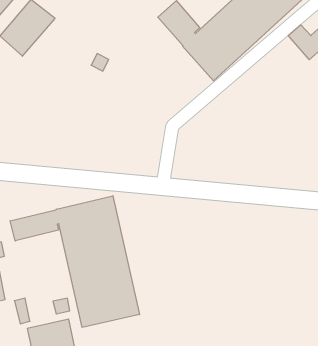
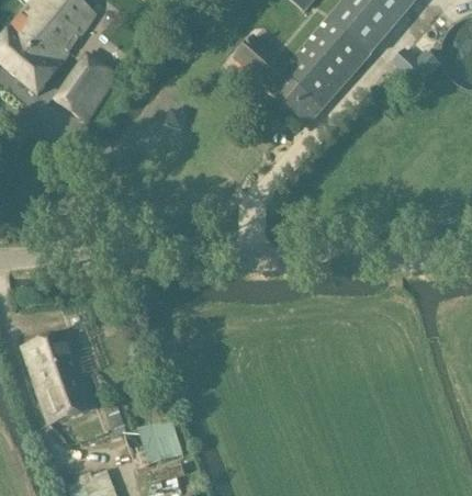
building: [10,196,139,327] -> none

